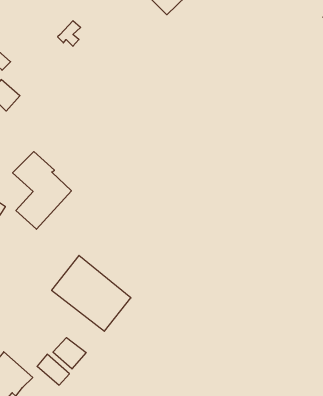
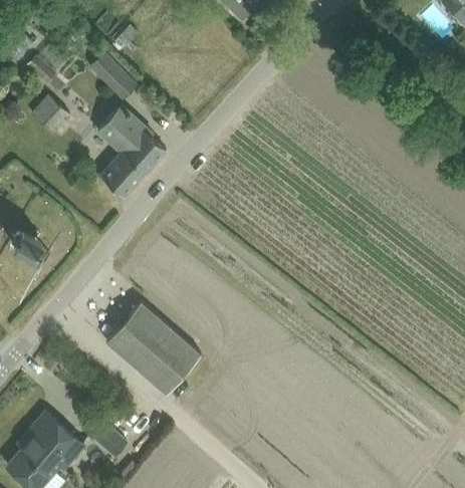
building: none -> [89,52,136,97]
building: [13,152,71,229] -> [96,105,166,197]
building: [53,338,86,369] -> none

